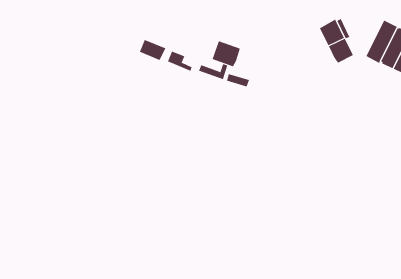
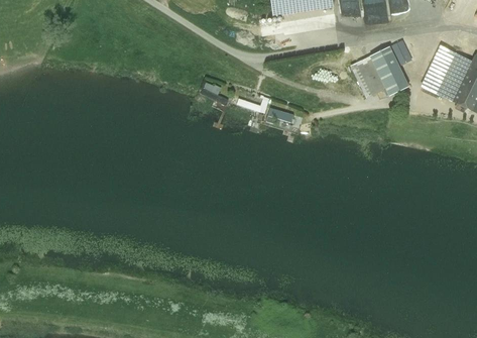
building: none -> [351,55,387,99]
building: [139,39,166,61] -> none
building: [212,41,241,67] -> none

